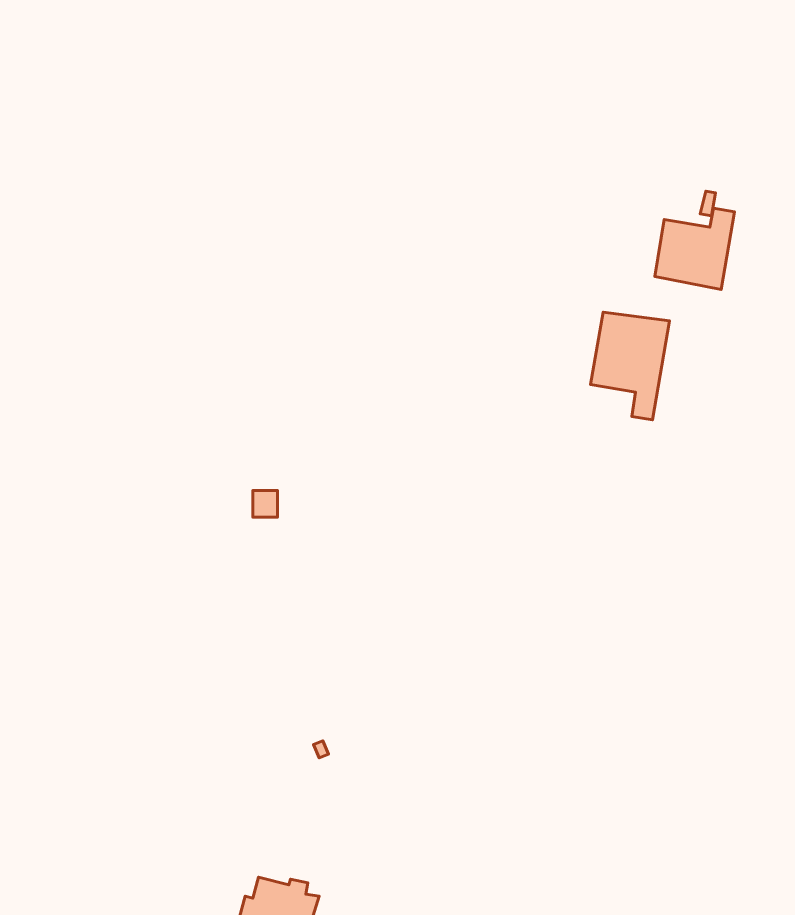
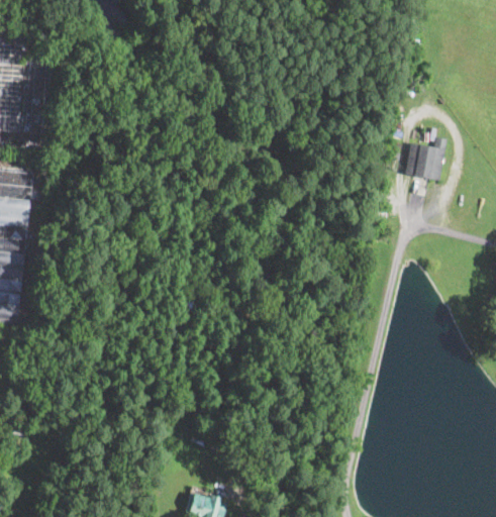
building: [591,312,670,420] -> none

